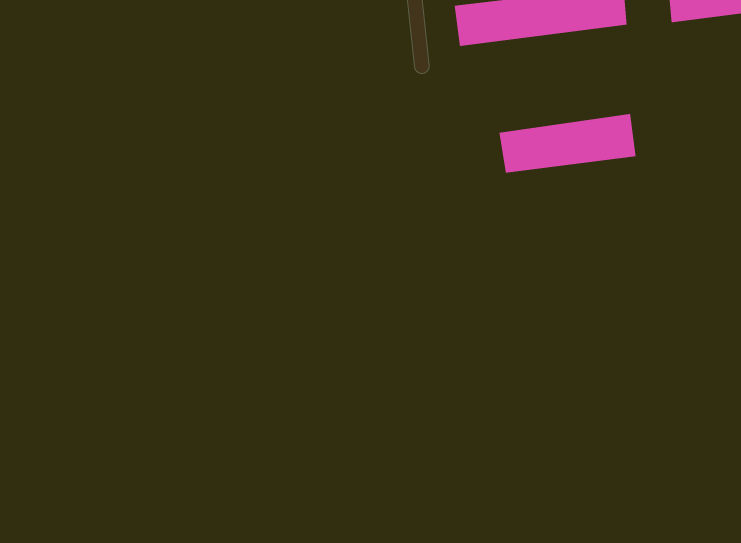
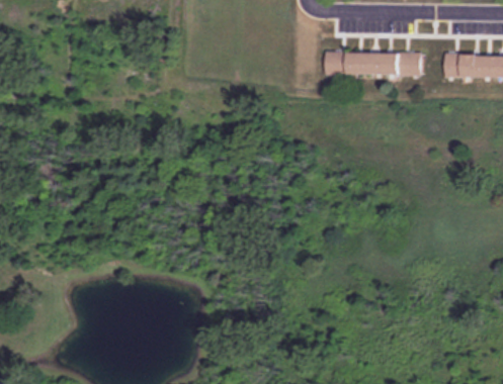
building: [499,113,636,174] -> none

